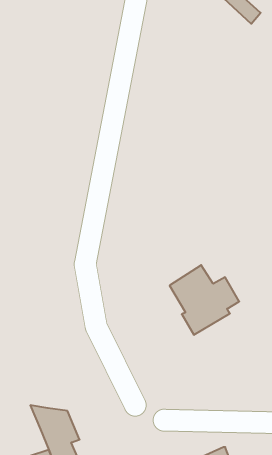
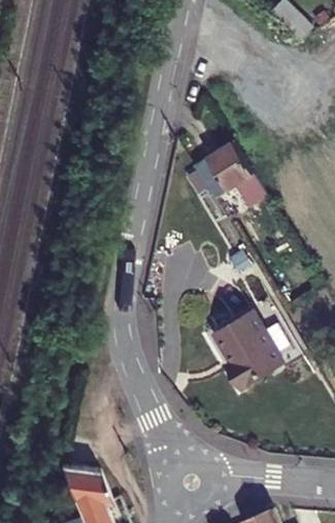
building: none -> [192,141,268,206]

